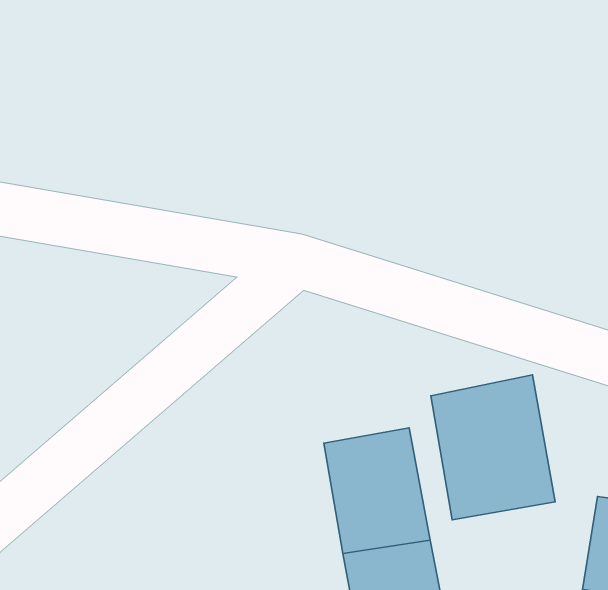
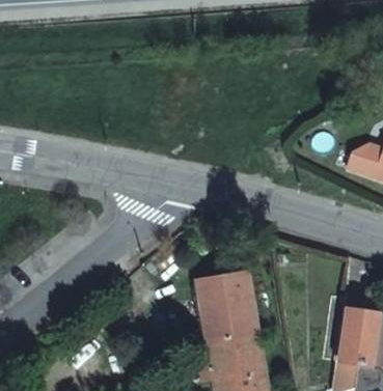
building: [431,375,555,520] -> none

